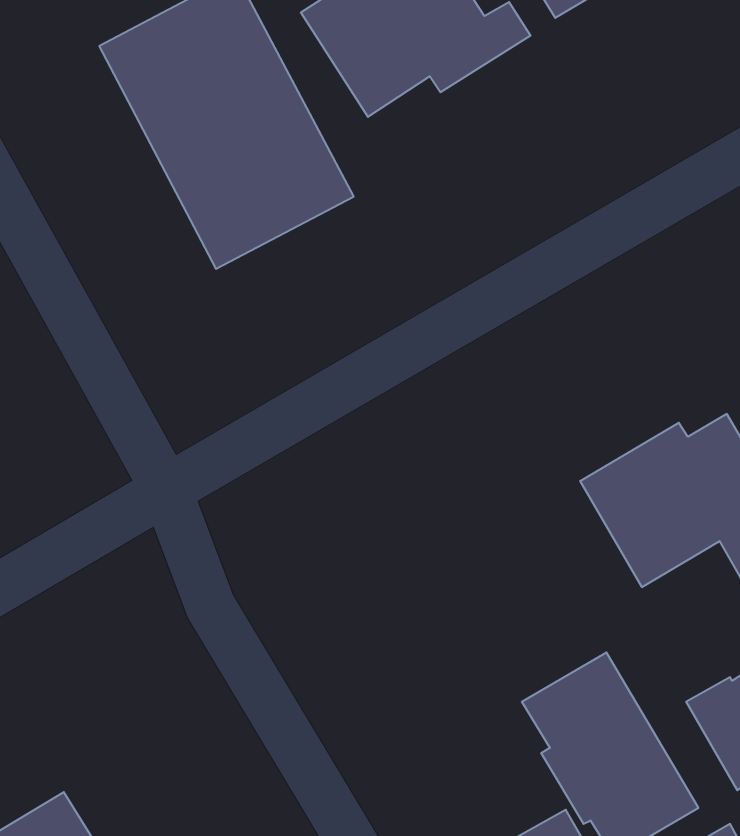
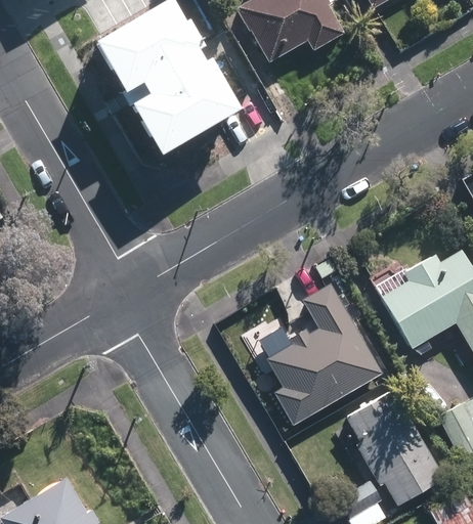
building: none -> [265,280,384,425]

